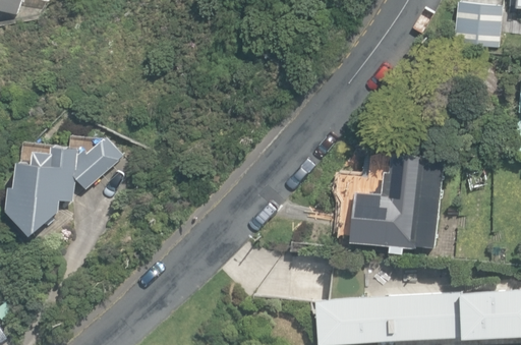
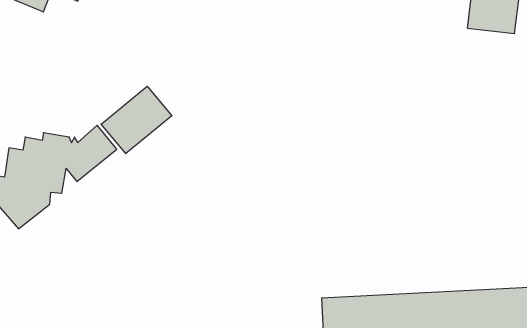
building: none -> [101,86,172,154]
building: [348,153,446,253] -> none

